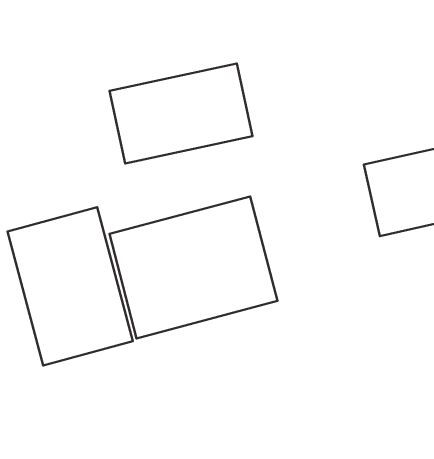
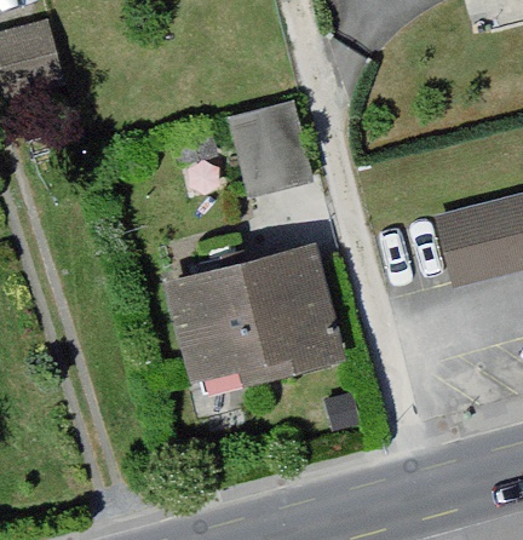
building: [8,207,133,366] -> none

